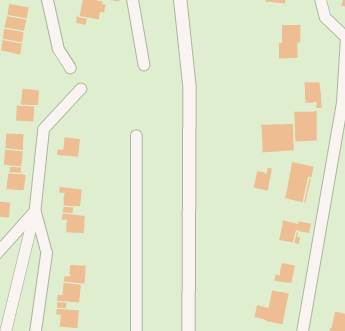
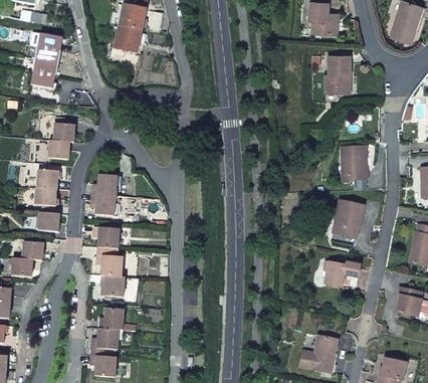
building: [304,81,323,109] -> none
building: [260,123,294,153] -> none
building: none -> [90,194,115,216]
building: [253,167,273,191] -> none
building: none -> [99,275,124,298]
building: [274,262,296,283] -> none

